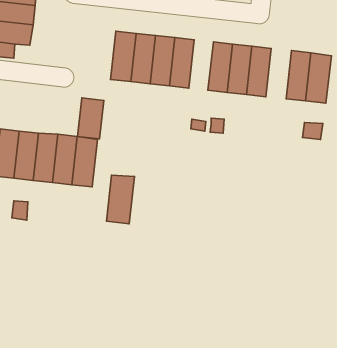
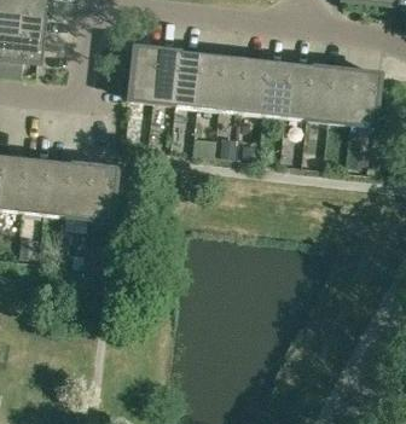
building: none -> [217,54,245,111]
building: none -> [304,64,334,121]
building: [78,98,104,139] -> none
building: [106,175,134,224] -> none

